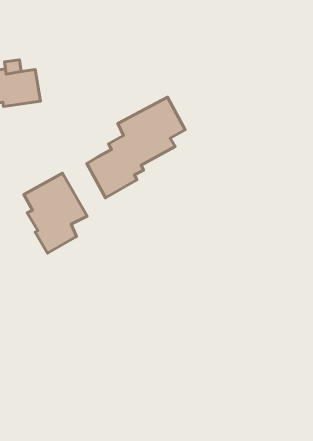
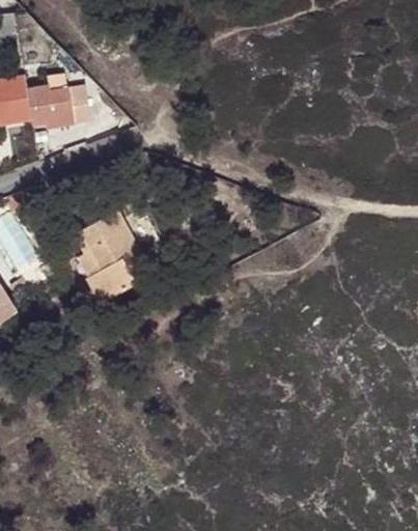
building: [87,97,185,198] -> none

